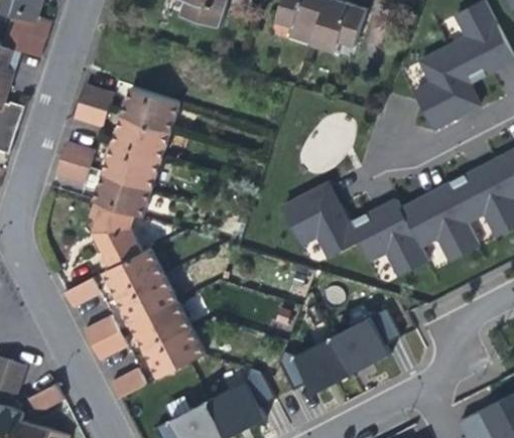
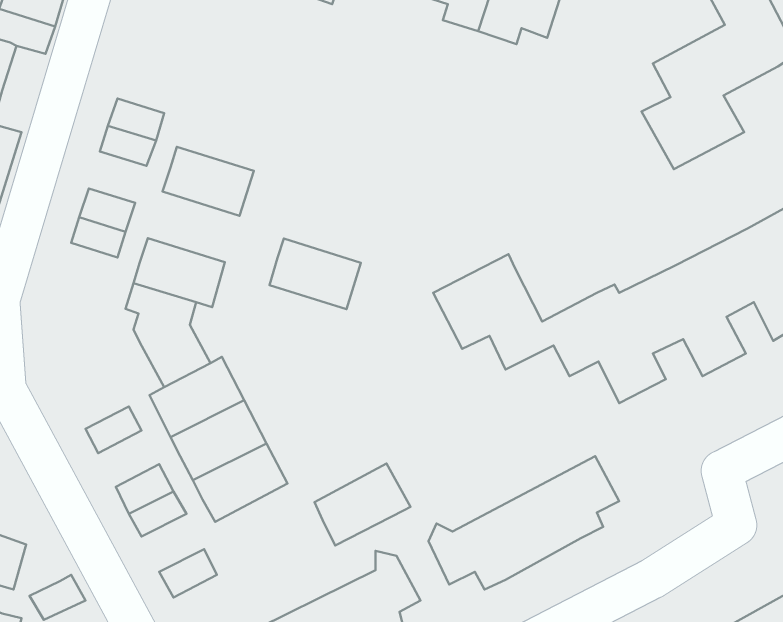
building: [121,87,178,130] -> none
building: [103,143,160,187] -> [269,239,361,309]
building: [145,326,206,378] -> [314,464,411,545]

